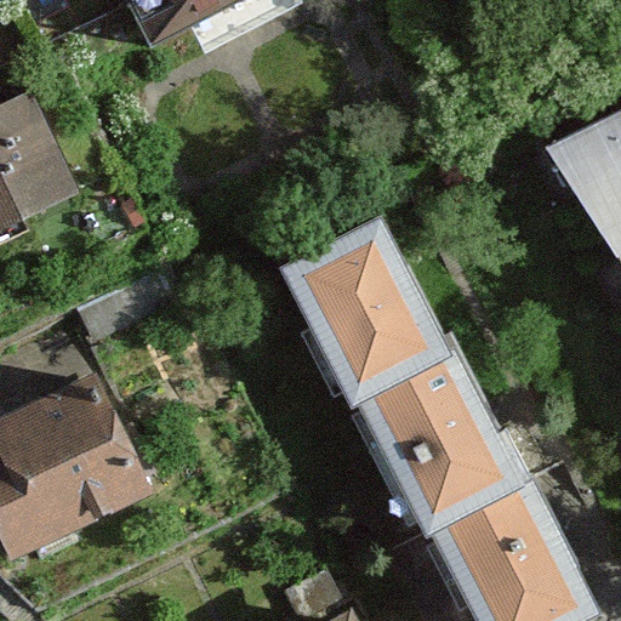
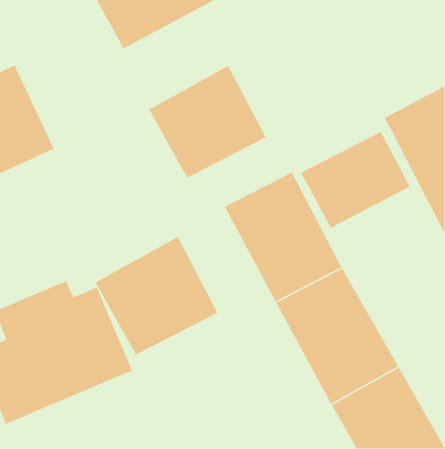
building: none -> [148,65,267,179]
building: none -> [300,131,411,229]
building: none -> [95,236,218,356]

